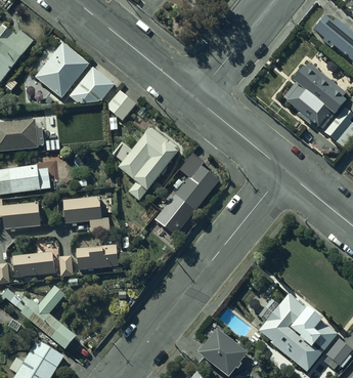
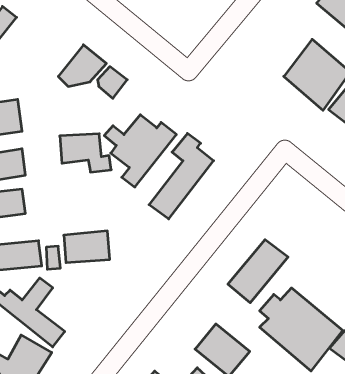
building: [35,42,90,98] -> none
building: [63,195,112,230] -> [60,134,111,172]
building: none -> [228,240,288,303]

